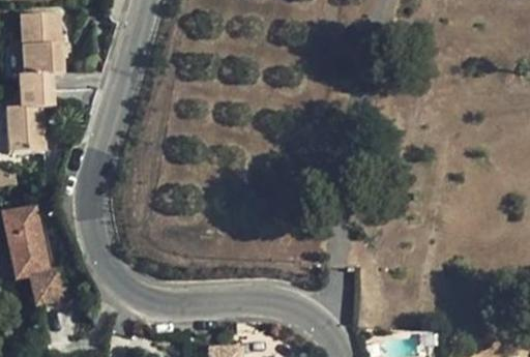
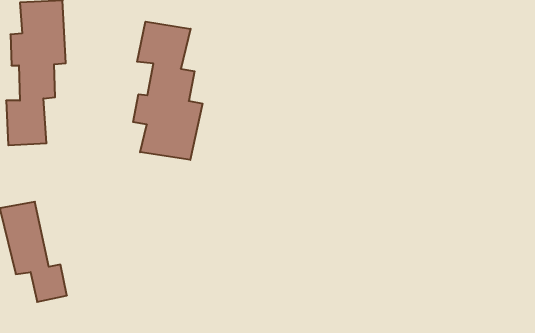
building: none -> [133,22,203,160]

